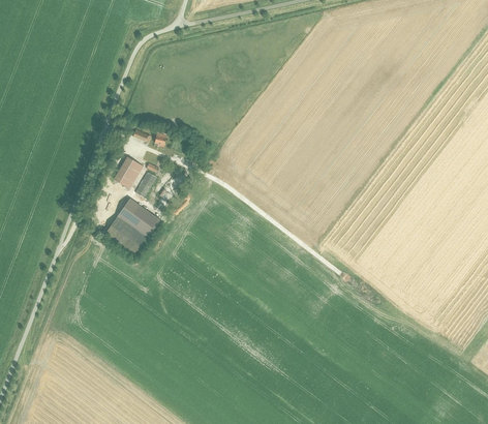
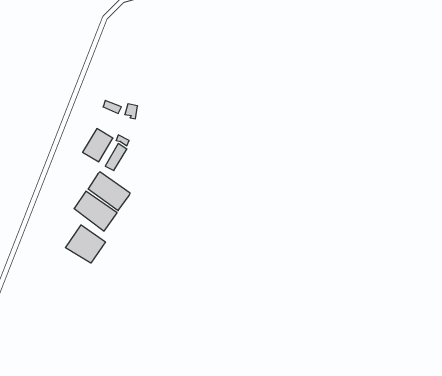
building: none -> [65,225,105,263]

